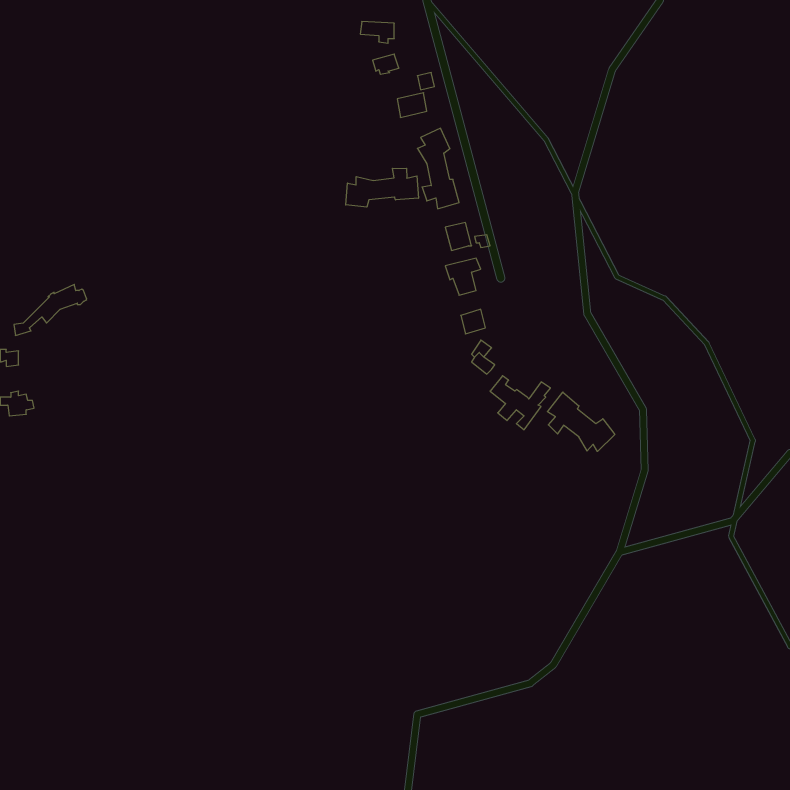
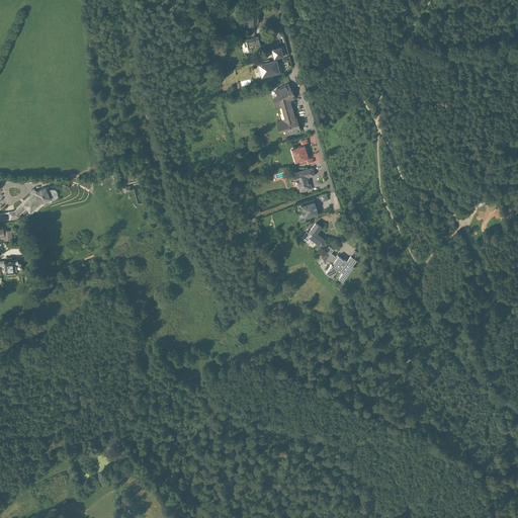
building: [346,168,418,207] -> none
building: [547,392,615,451] -> none

